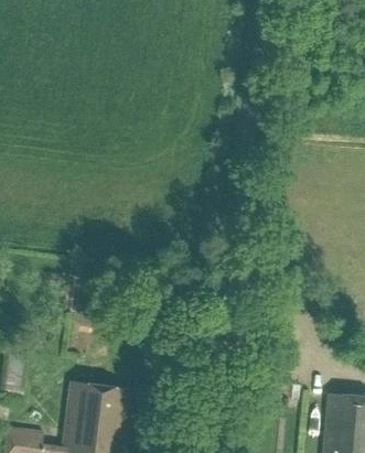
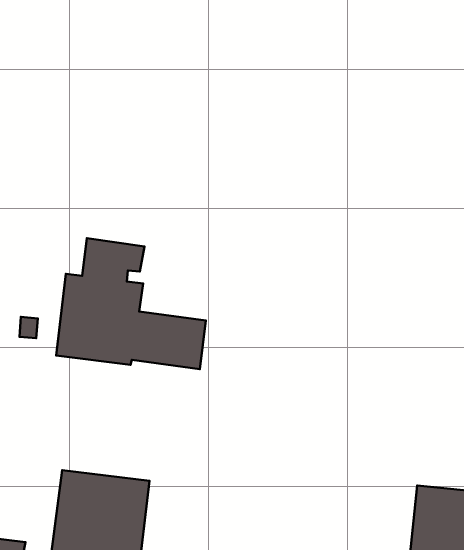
building: none -> [56,238,206,369]

